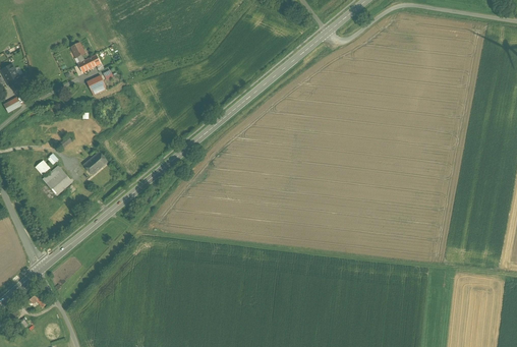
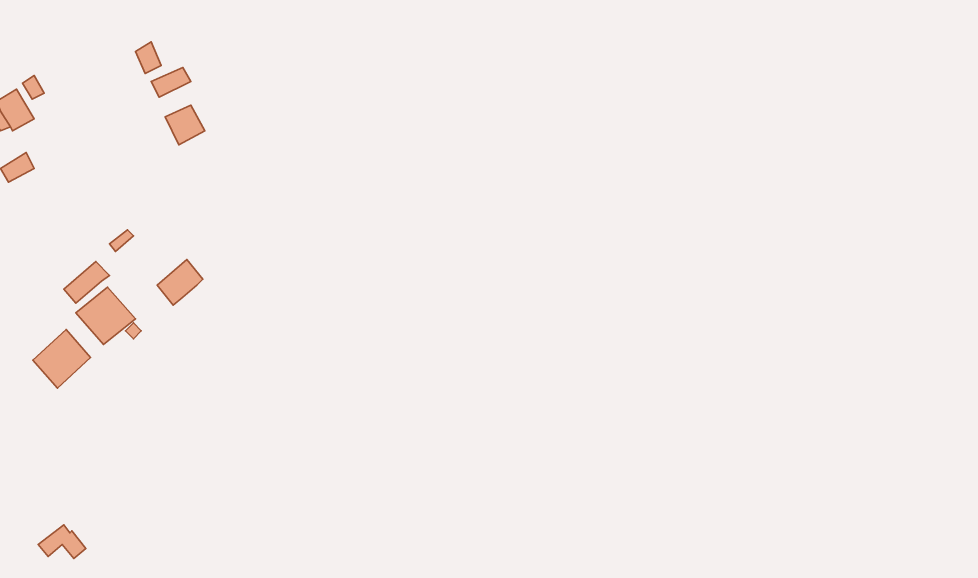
building: none -> [33,330,91,388]

